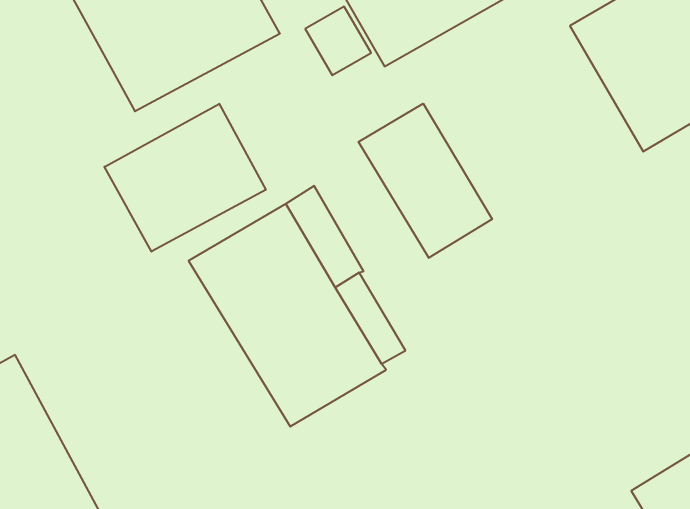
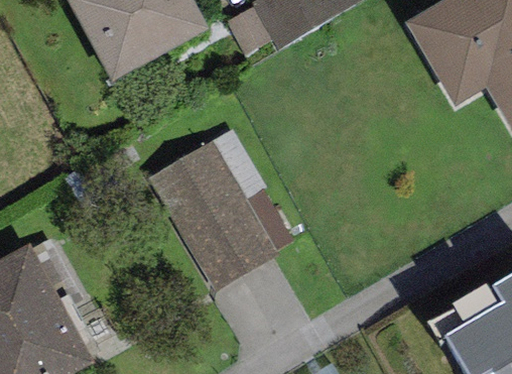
building: [359,104,492,258] -> none
building: [104,104,266,252] -> none

